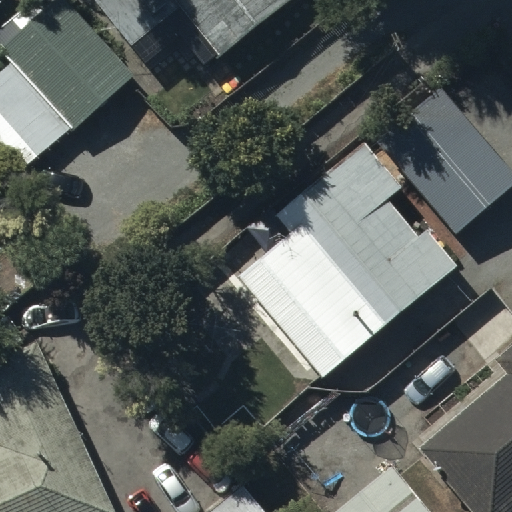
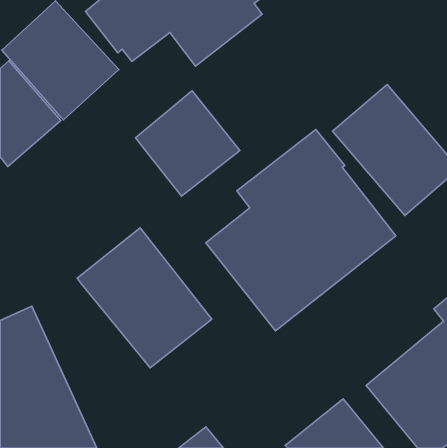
building: none -> [136,91,240,196]
building: none -> [77,228,212,368]

